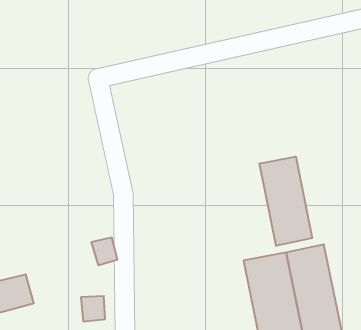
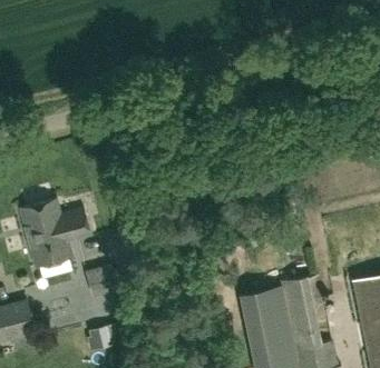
building: [259,157,312,246] -> none
building: none -> [19,199,90,266]

